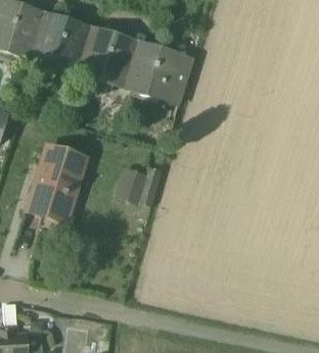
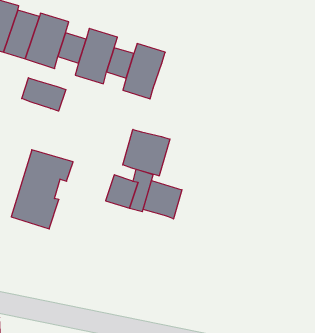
building: [162,63,190,94] -> none
building: none -> [22,78,66,111]
building: none -> [123,129,170,176]
building: none -> [143,180,182,219]

